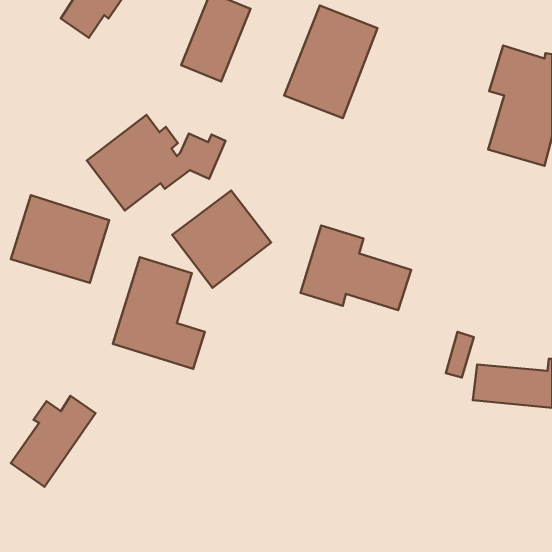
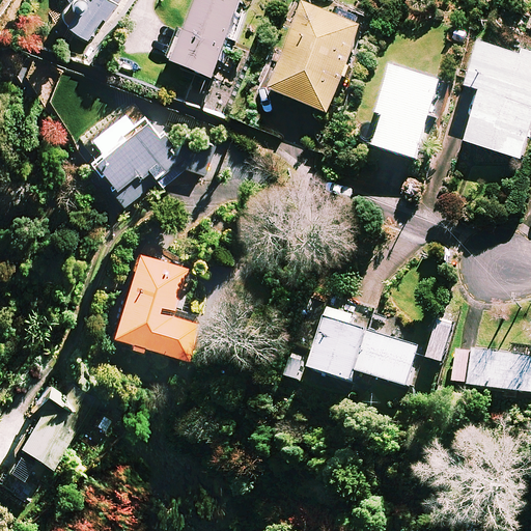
building: none -> [375,66,441,159]
building: [172,190,271,288] -> none
building: [11,195,109,283] -> none
building: [300,225,411,310] -> [312,304,418,385]

